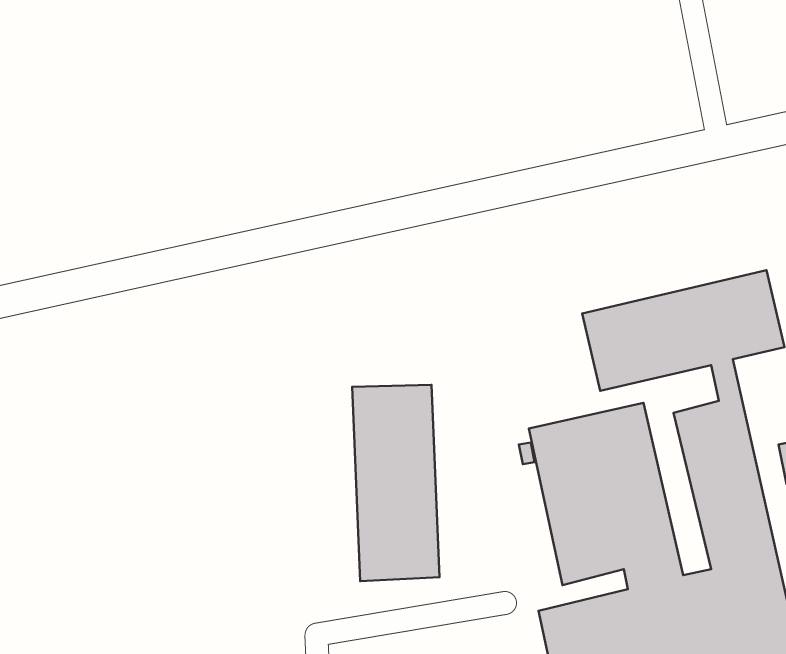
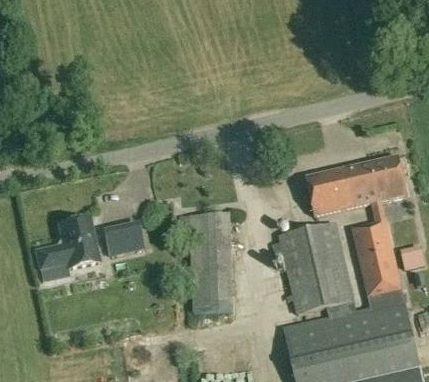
building: none -> [36,217,99,269]
building: none -> [107,223,147,253]

